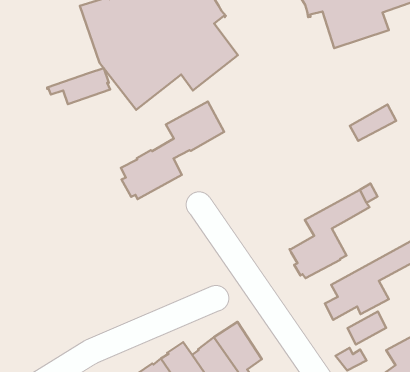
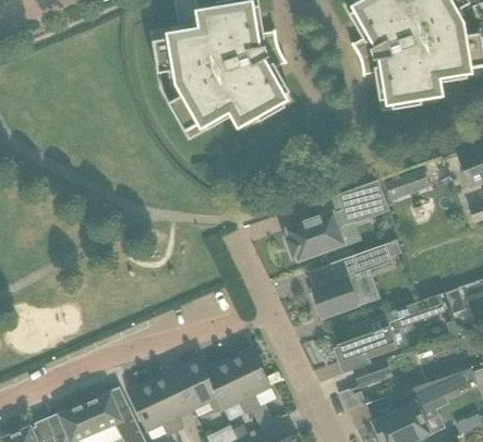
building: [47,68,110,104] -> none
building: [121,101,224,199] -> [288,180,390,260]

